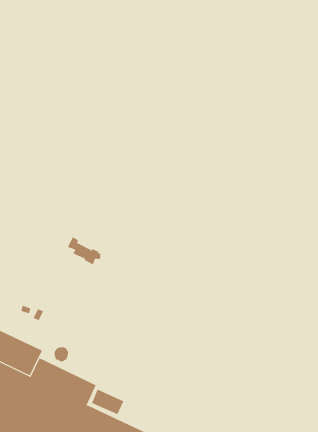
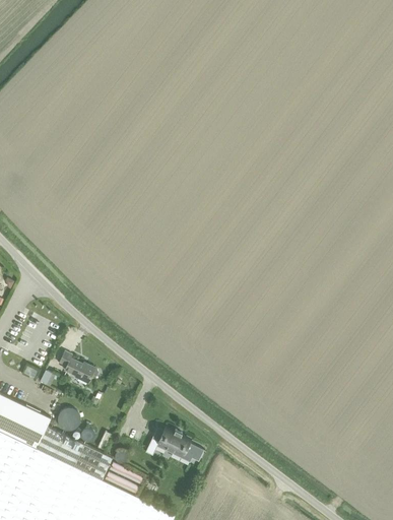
building: [67,237,101,265] -> [58,351,96,384]
building: none -> [150,428,204,463]

